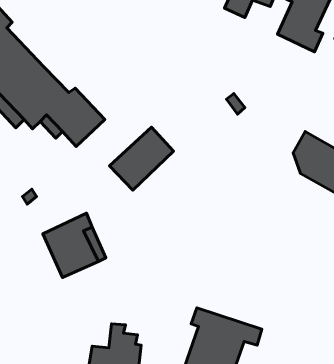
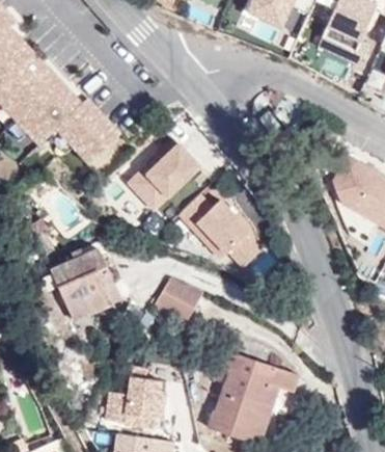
building: none -> [177,196,257,268]
building: none -> [150,281,199,326]

